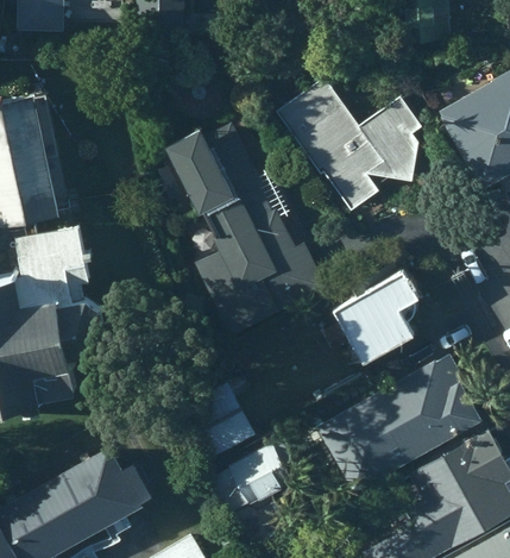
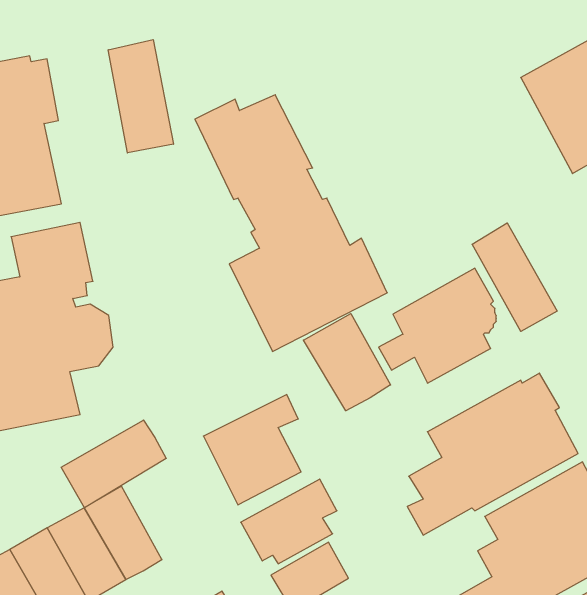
building: [275,77,423,212] -> none
building: none -> [108,40,173,153]
building: none -> [472,223,557,331]
building: none -> [303,314,391,411]
building: none -> [61,420,166,508]

